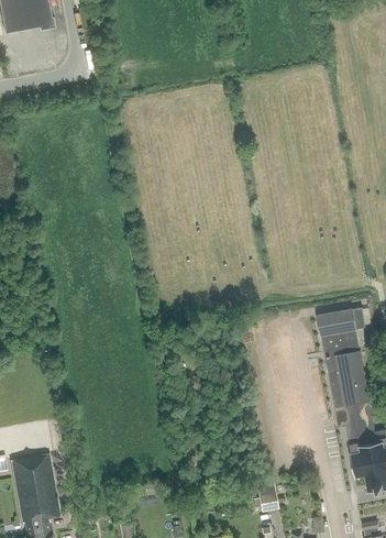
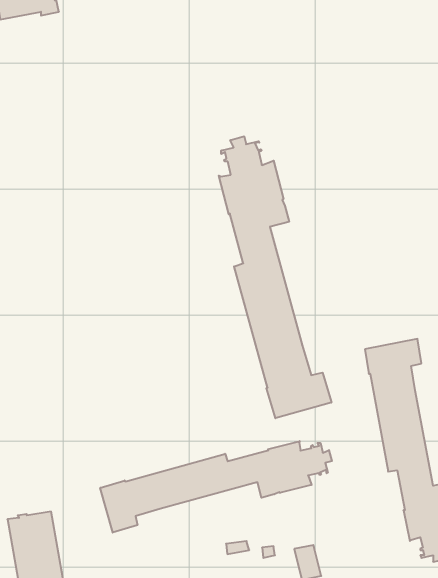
building: none -> [219,136,331,418]
building: none -> [100,441,332,533]

